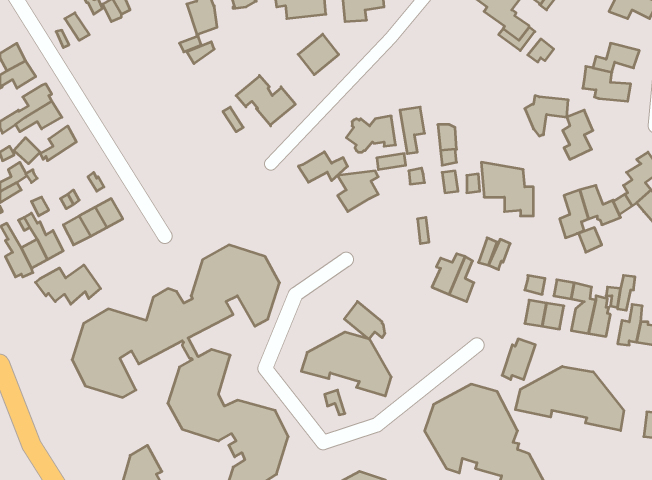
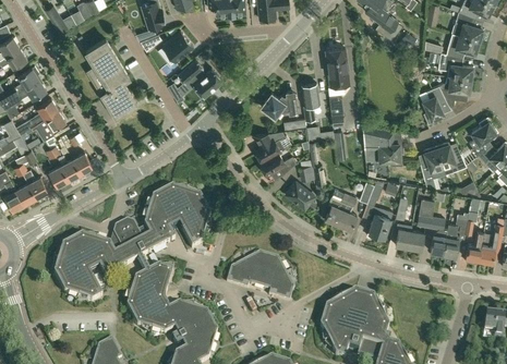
building: none -> [451,11,484,40]
building: [298,34,339,75] -> [162,31,193,61]
building: none -> [85,38,136,117]
building: none -> [325,47,349,86]
building: [525,96,568,136] -> [439,75,472,106]
building: none -> [28,109,65,134]
building: [298,152,348,182] -> [258,151,295,174]
building: [35,265,101,304] -> none
building: [344,301,385,339] -> [286,180,316,208]
building: [502,339,535,380] -> [367,207,393,238]
building: [515,366,624,431] -> none

